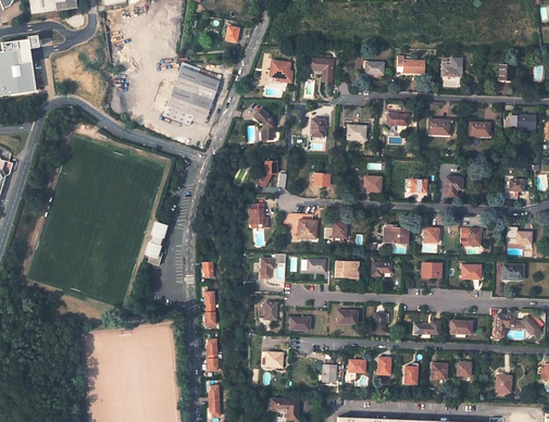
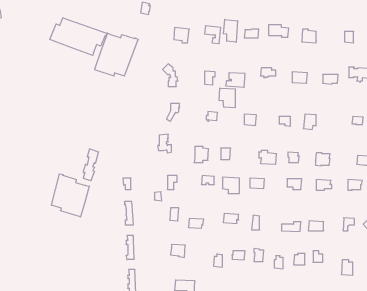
building: none -> [50,18,107,55]
building: none -> [223,19,238,42]
building: none -> [219,88,235,108]
building: none -> [51,174,89,217]

